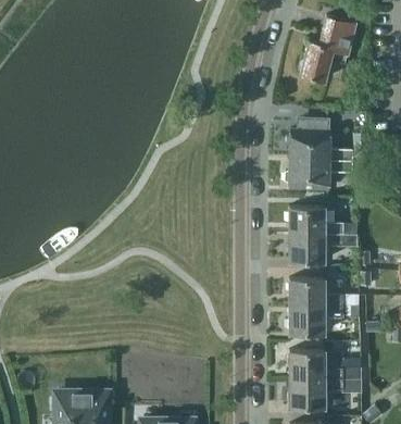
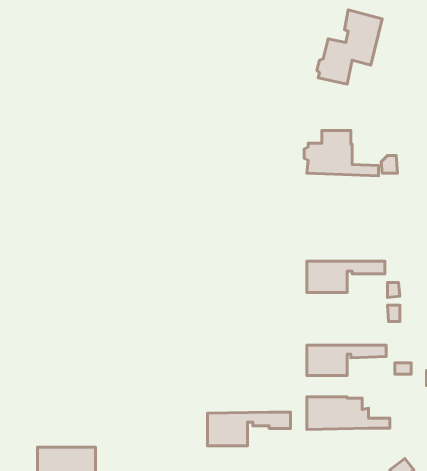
building: [287,158,352,188] -> none
building: [289,207,358,234] -> none
building: [290,279,343,307] -> none
building: [290,378,362,408] -> [207,412,290,446]

